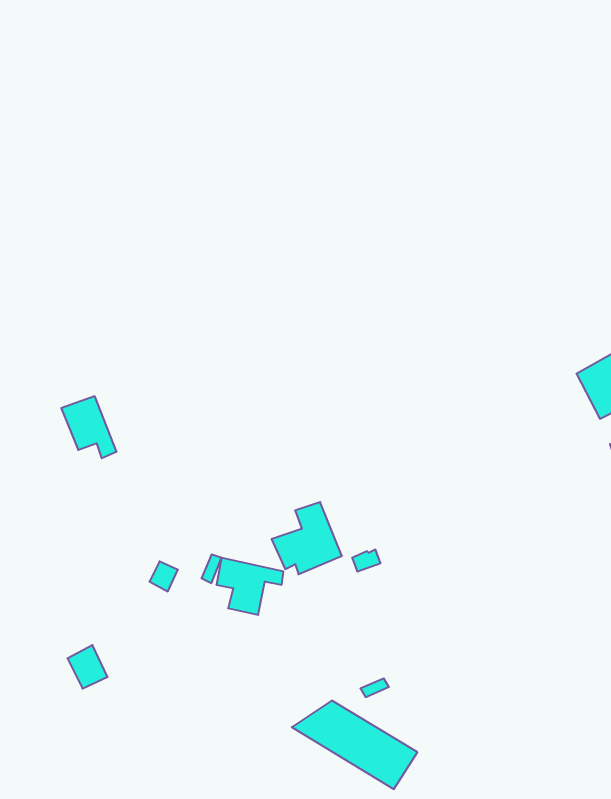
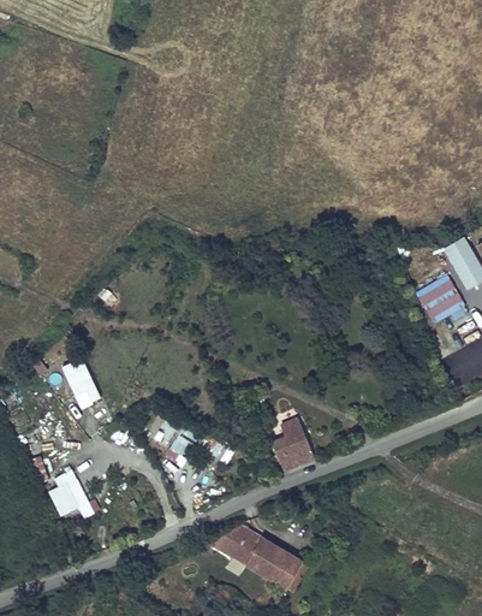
building: [61,396,117,458] -> [61,357,101,402]
building: [272,502,342,574] -> [263,420,314,472]

